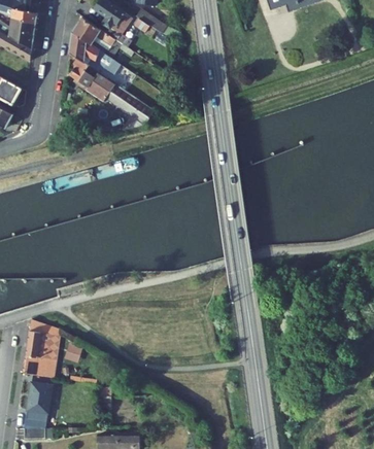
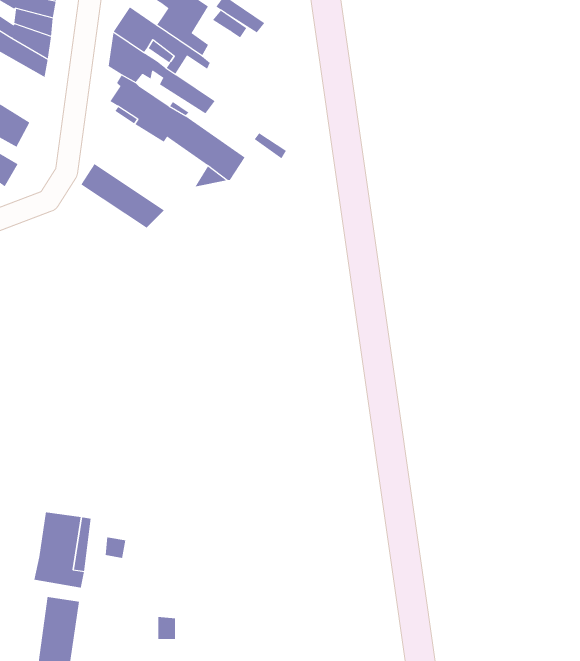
building: none -> [81,163,165,228]

